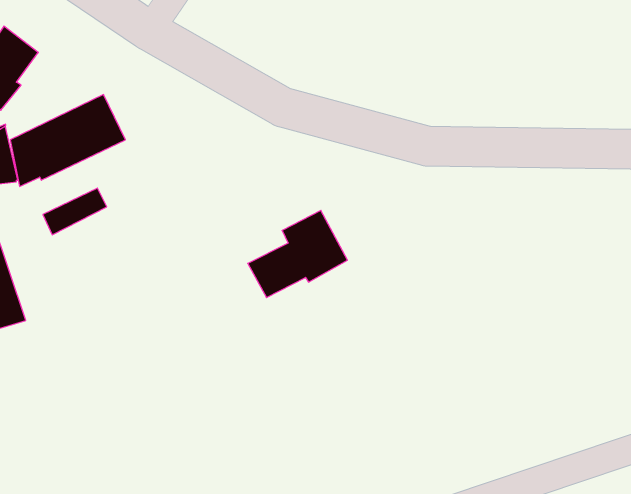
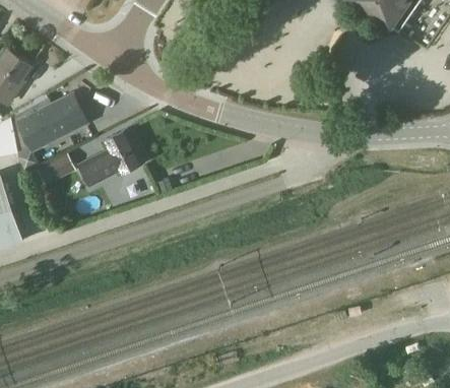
building: [248,210,347,298] -> [80,128,145,185]

